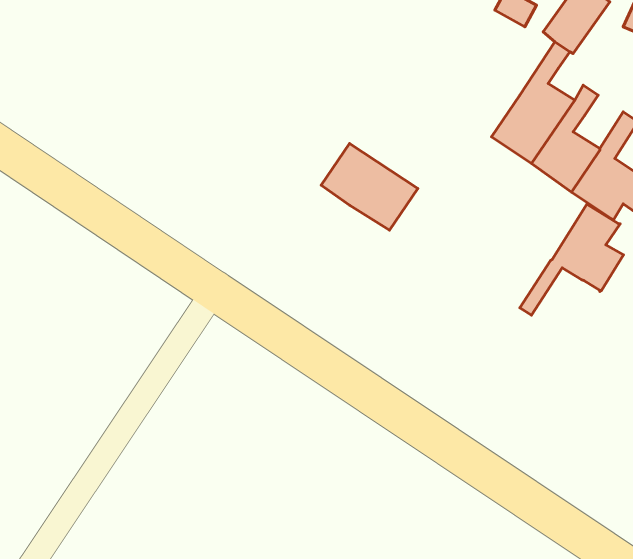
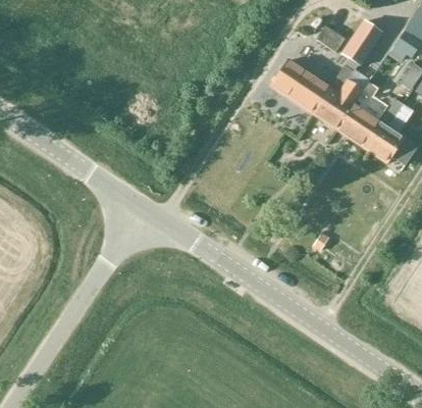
building: [321,143,418,230] -> [270,59,329,112]
building: [520,204,624,315] -> none

